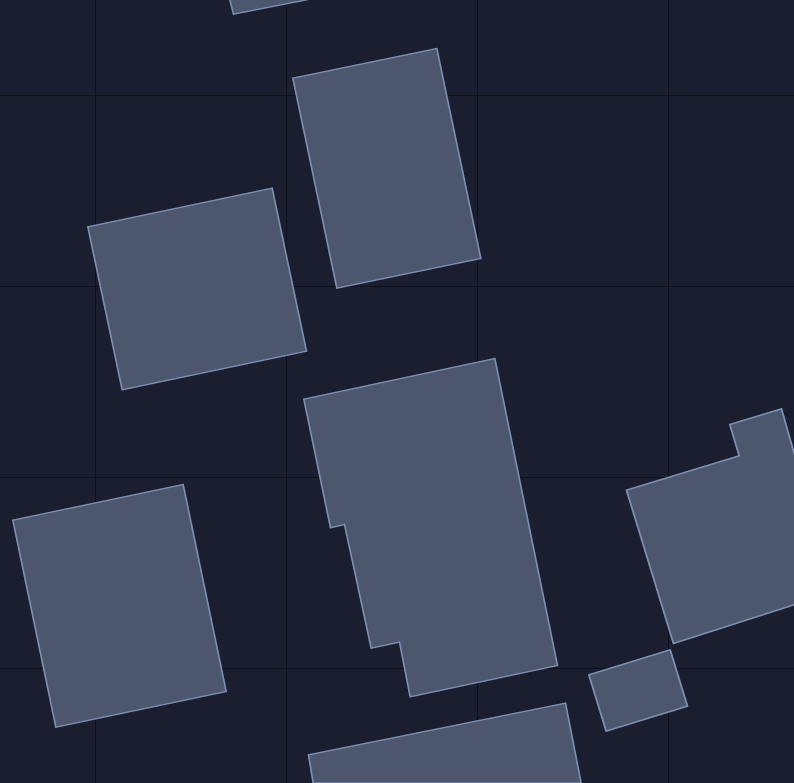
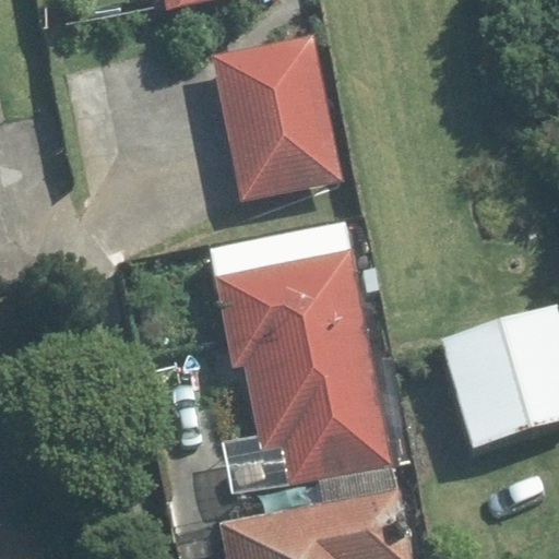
building: [88,188,306,390] -> none
building: [13,485,226,727] -> none

